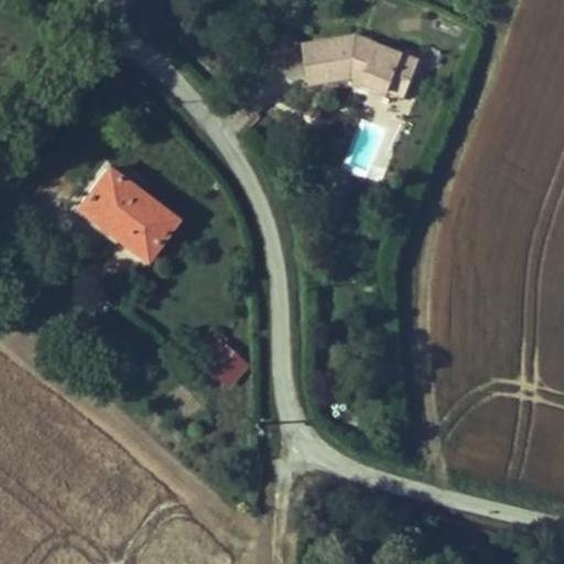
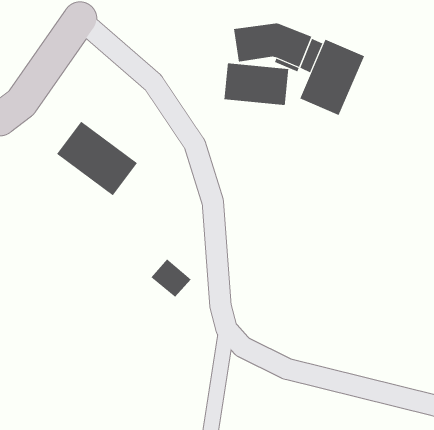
building: none -> [300,39,365,116]
building: none -> [224,62,289,106]

